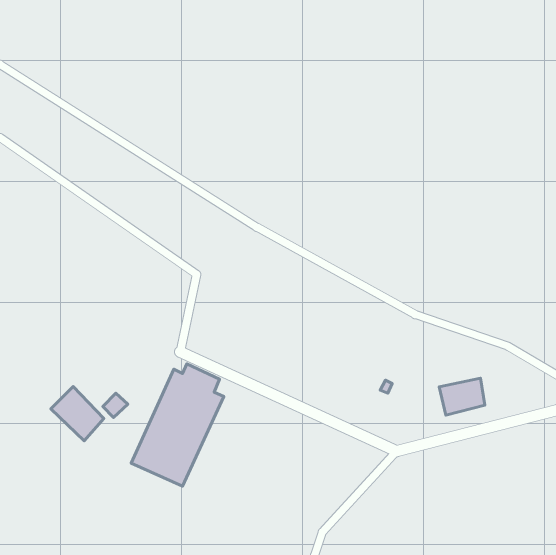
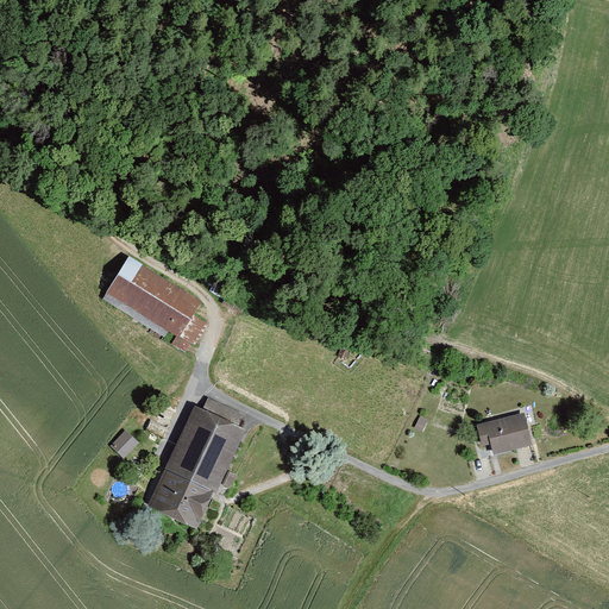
building: none -> [100,257,206,351]
building: [51,386,104,441] -> none

